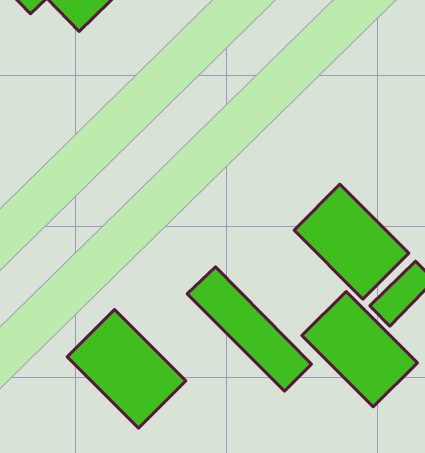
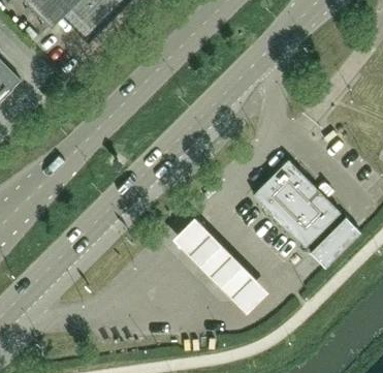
building: [302,291,417,407] -> none
building: [67,309,186,428] -> none

